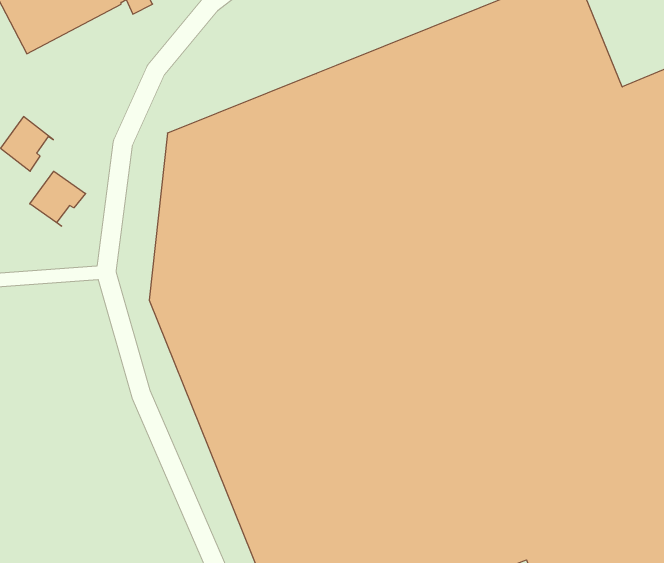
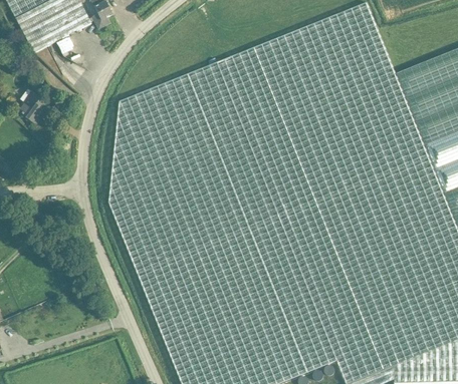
building: [30,171,86,226] -> none

